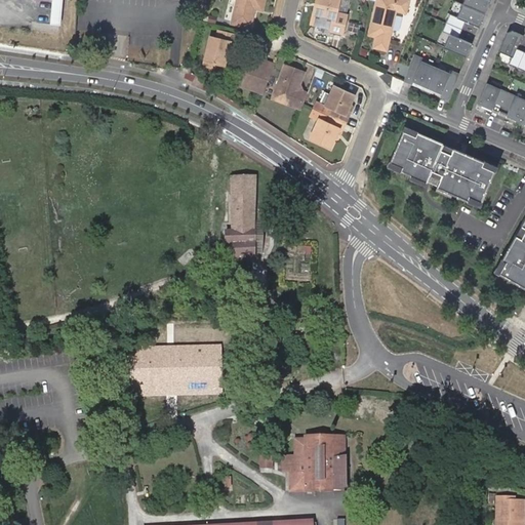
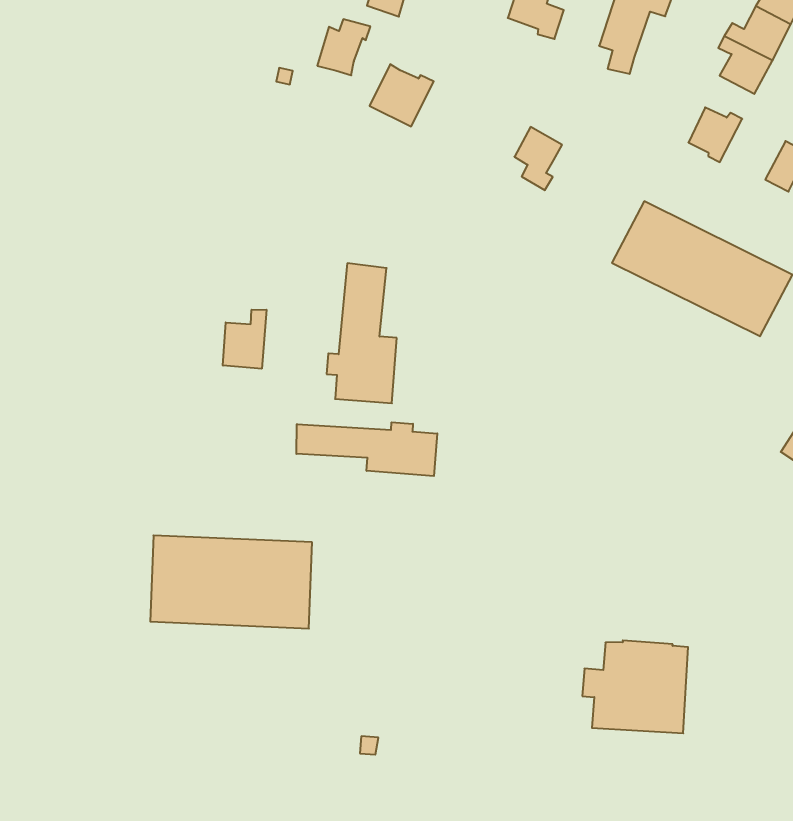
building: [403,54,436,89] -> none
building: [273,65,308,109] -> none
building: [310,117,345,149] -> none
building: none -> [223,310,266,369]
building: none -> [296,422,437,476]
building: [282,437,344,490] -> [582,640,688,733]

